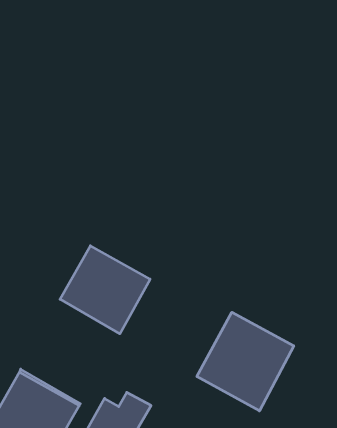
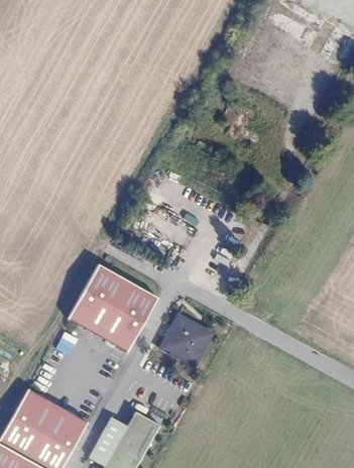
building: none -> [160,316,211,366]
building: [197,312,294,411] -> none

